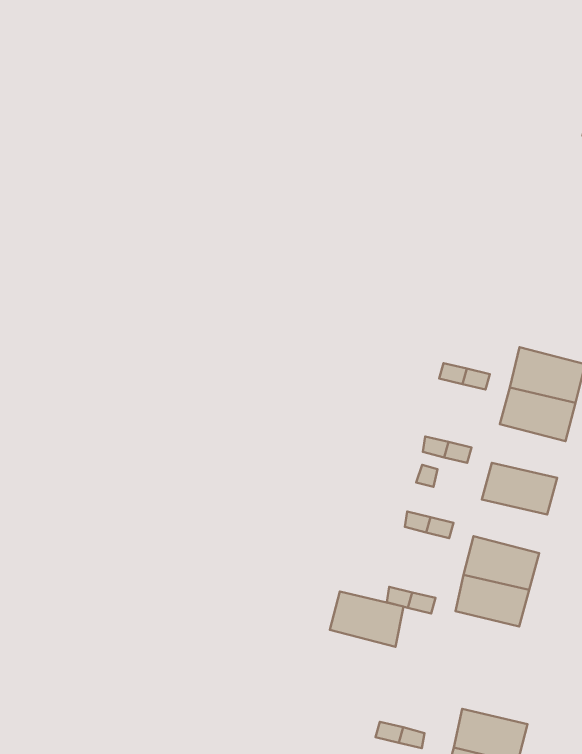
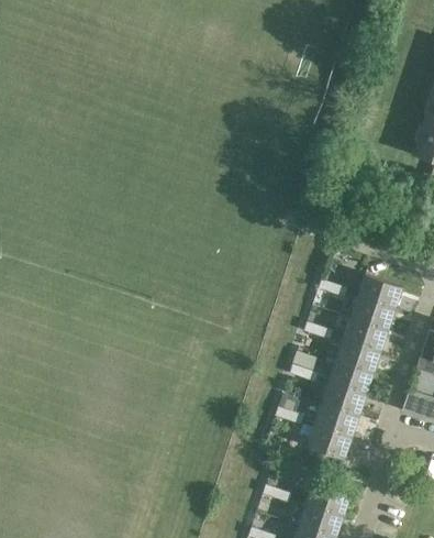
building: none -> [343,318,387,352]
building: none -> [329,361,372,395]
building: [330,591,403,647] -> [307,425,350,460]

